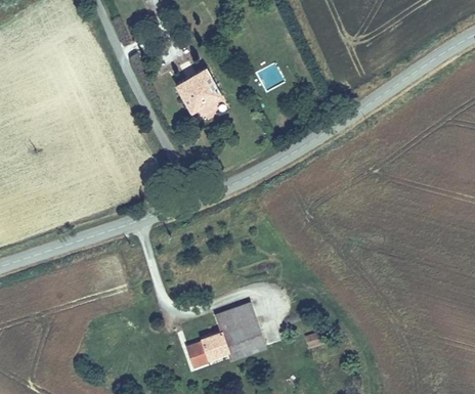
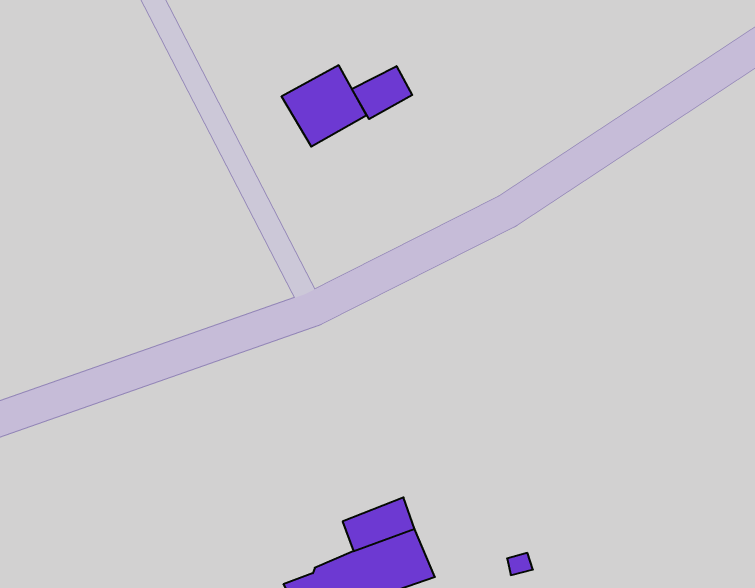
building: none -> [352,66,412,119]

